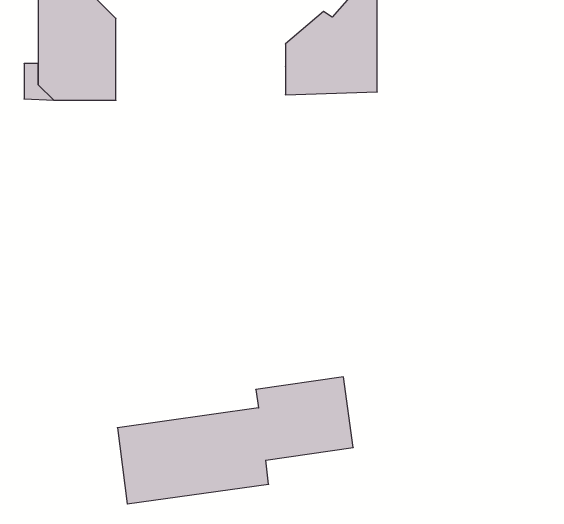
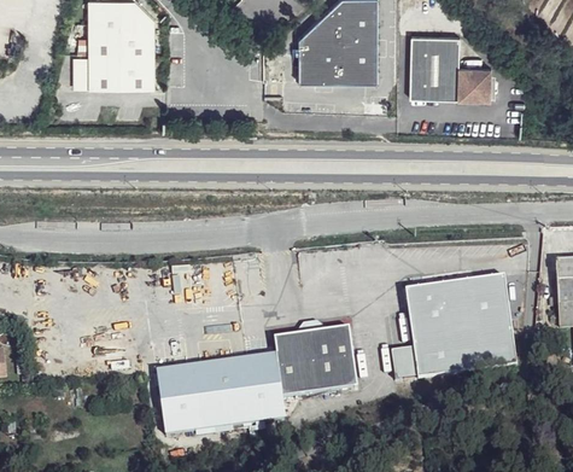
building: none -> [410,33,491,98]
building: none -> [390,274,516,379]

